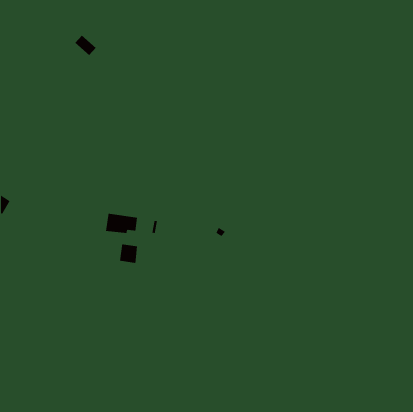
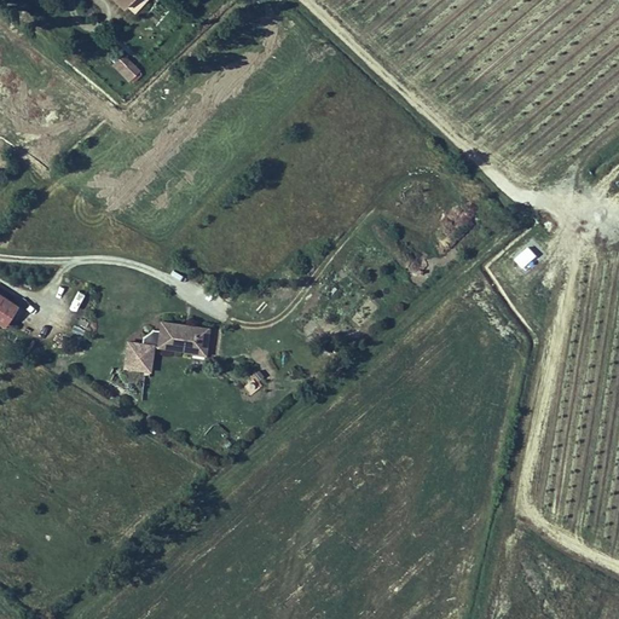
building: [119,244,138,263] -> [126,343,154,372]

